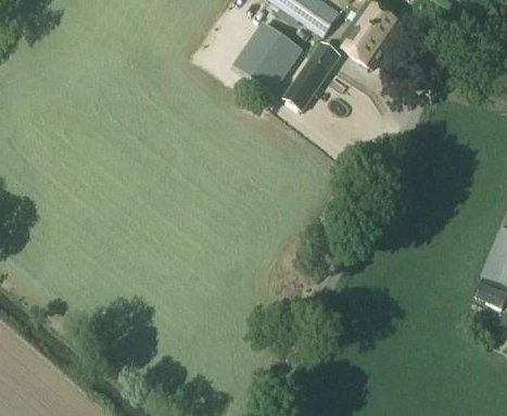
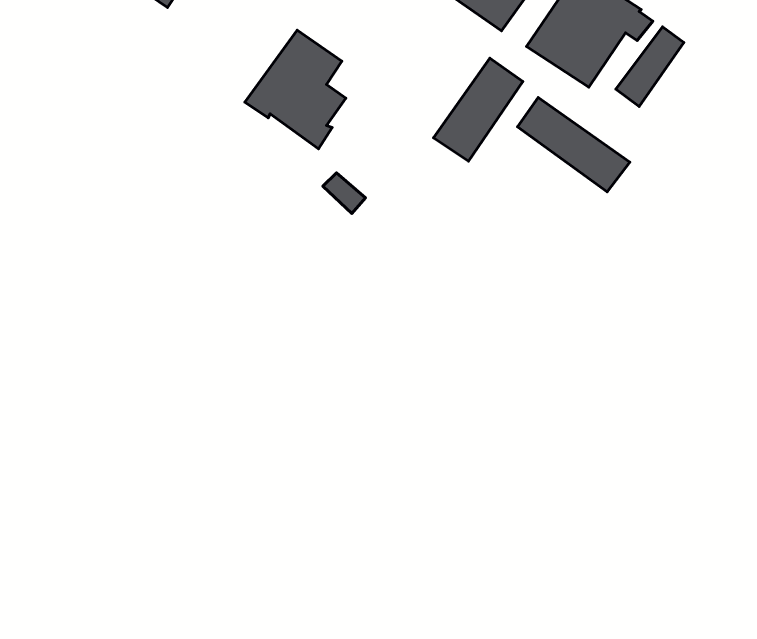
building: [238,25,294,91] -> [245,30,346,149]
building: none -> [517,97,630,192]

